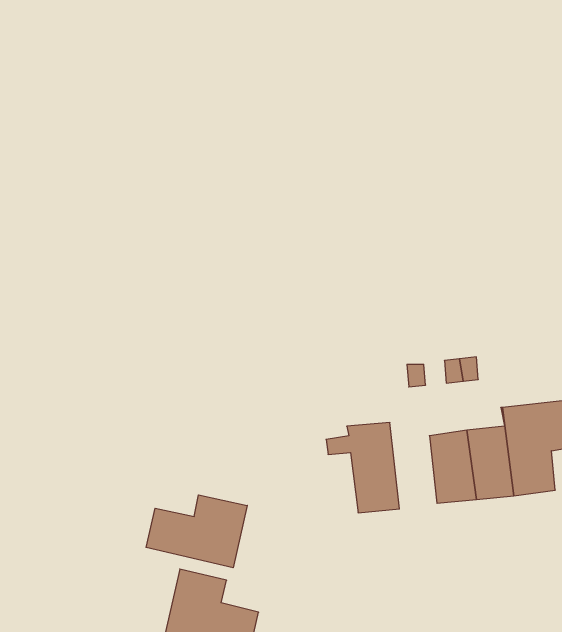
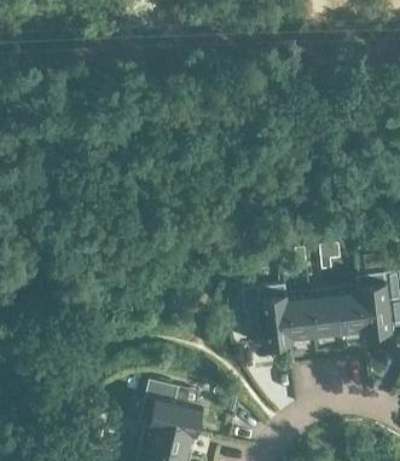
building: none -> [286,286,317,342]
building: [146,495,247,568] -> none

